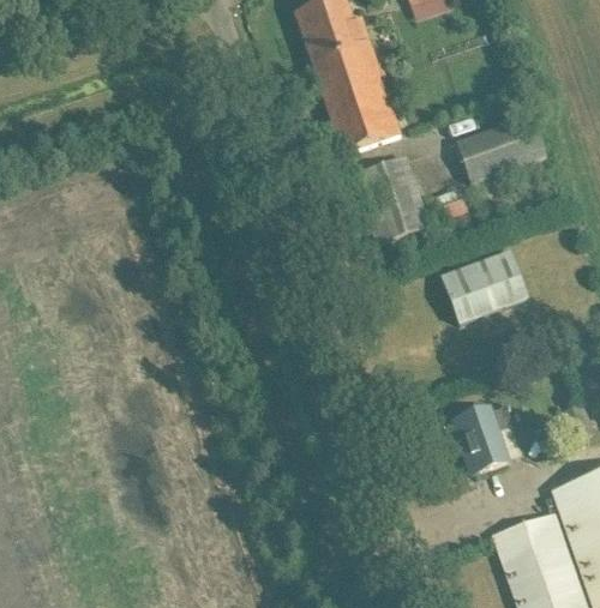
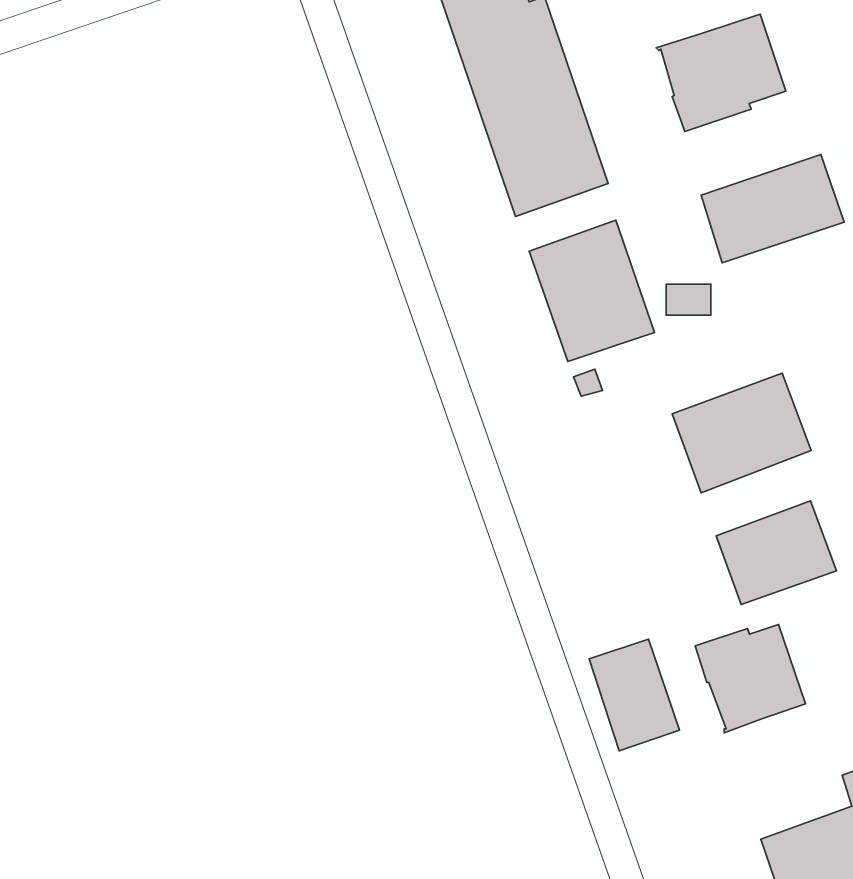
building: none -> [656,14,786,132]
building: none -> [716,501,837,604]
building: none -> [589,639,679,751]

